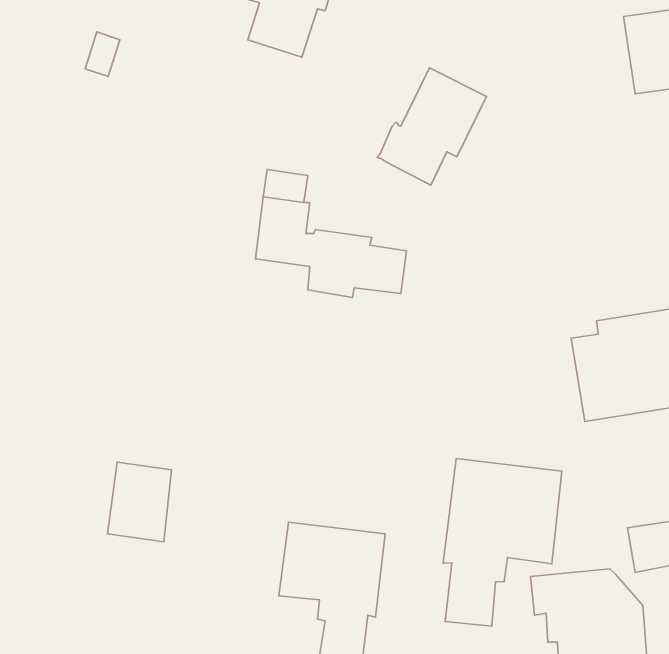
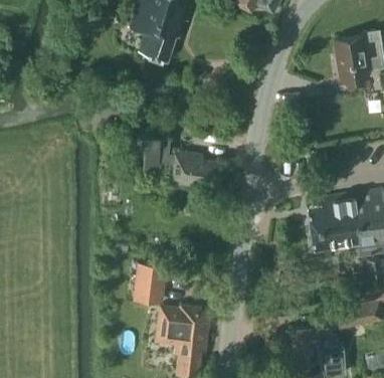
building: [377,68,486,185] -> none
building: [443,458,562,626] -> none
building: [108,462,171,542] -> [134,261,167,303]

